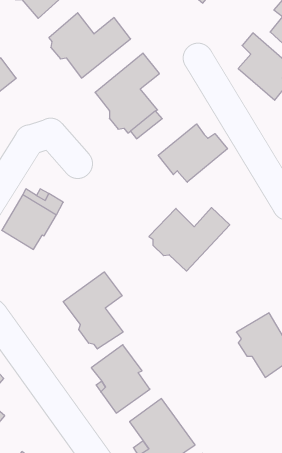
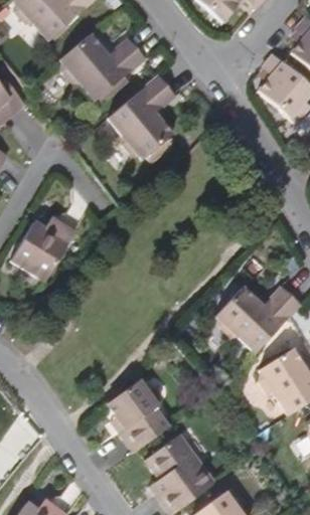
building: [158,124,227,182] -> none
building: [149,208,230,271] -> [215,287,300,353]
building: [63,272,123,349] -> none

